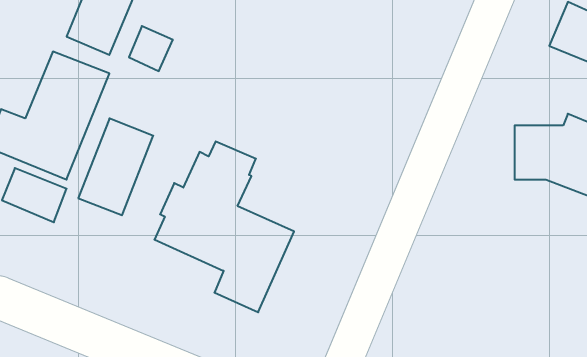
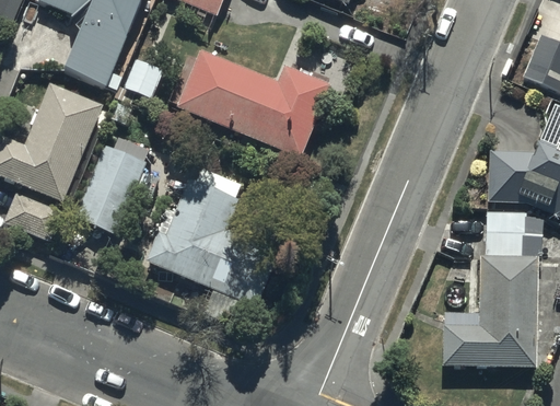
building: none -> [177,48,332,156]
building: none -> [442,211,541,364]

